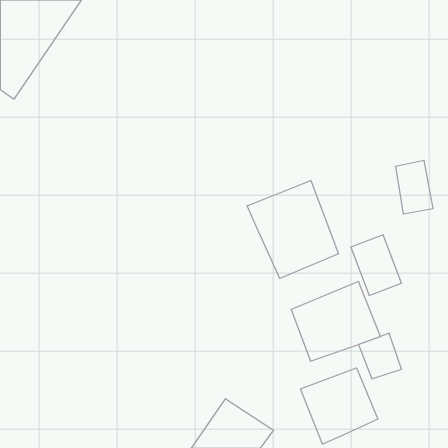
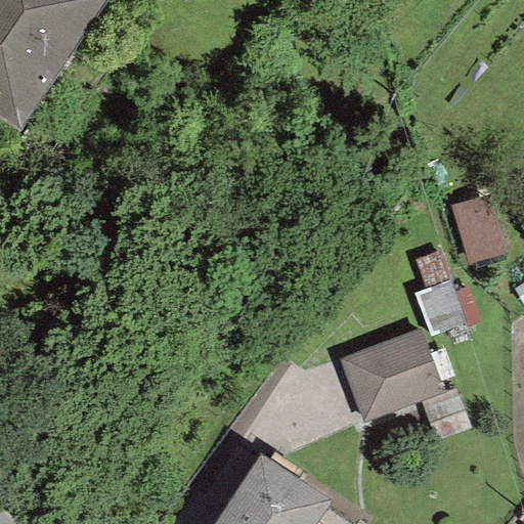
building: [247,180,338,278] -> none
building: [301,368,378,444] -> none

